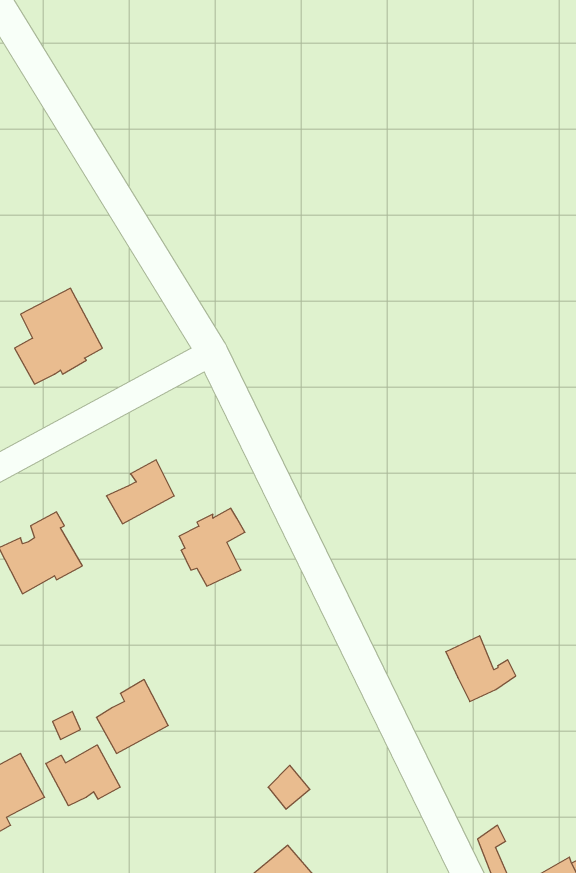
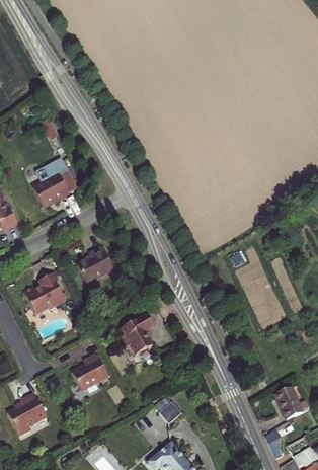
building: [179,508,245,586] -> [123,317,156,357]
building: [446,636,516,702] -> [274,387,310,420]
building: [46,745,120,806] -> none

